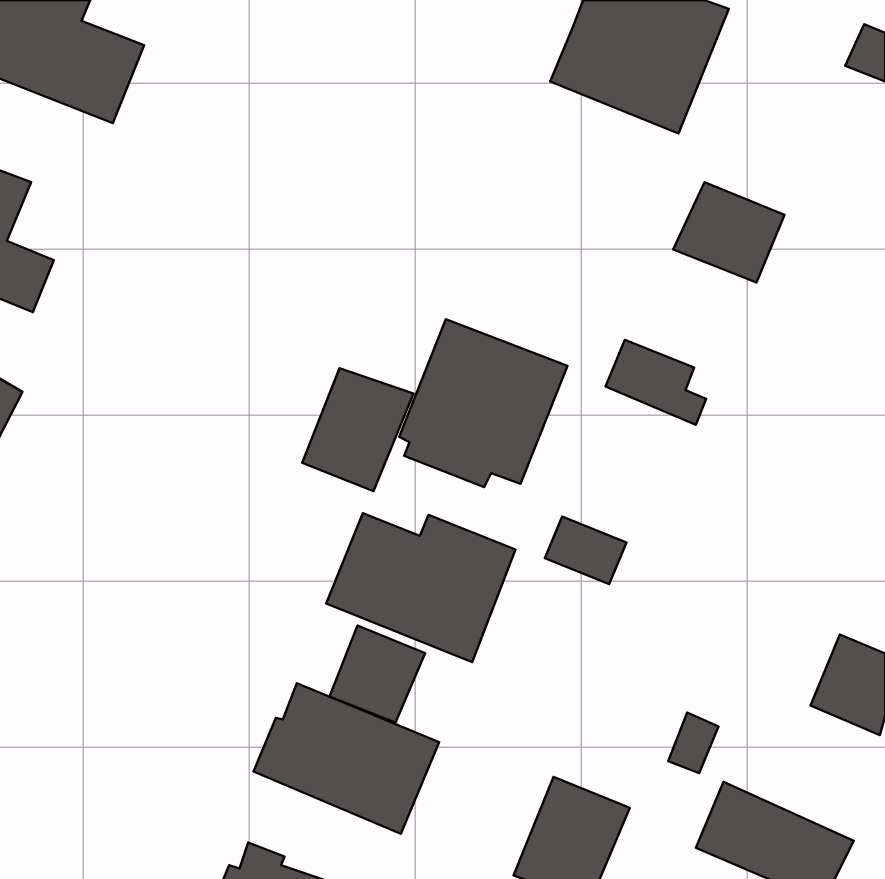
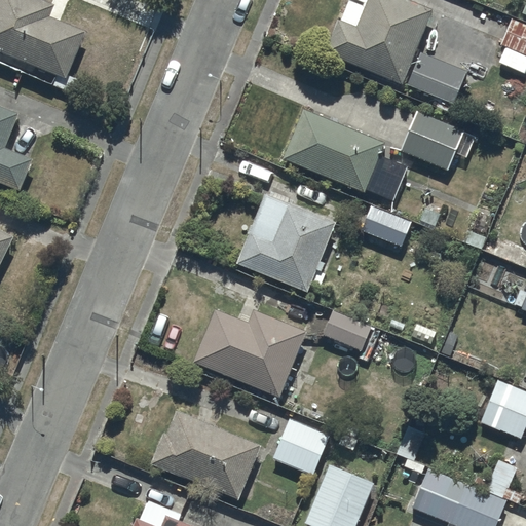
building: none -> [407,53,465,105]
building: none -> [283,109,394,196]
building: [302,368,413,491] -> none
building: [330,625,425,723] -> [273,418,330,476]

